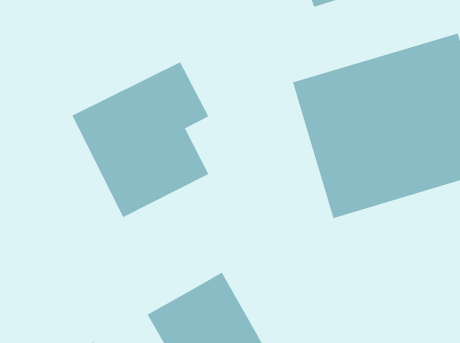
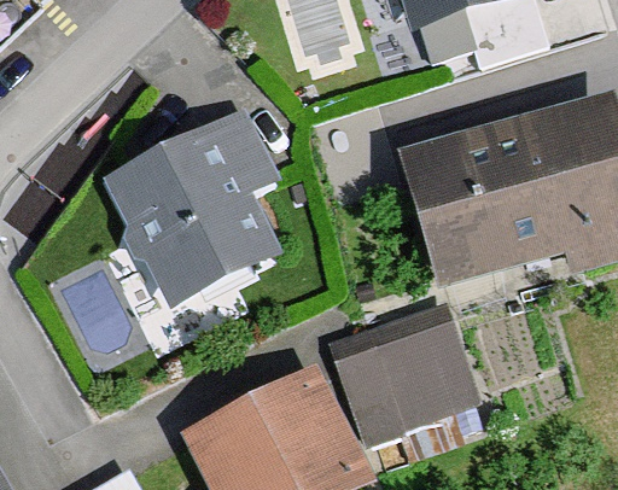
building: none -> [252,307,476,466]

